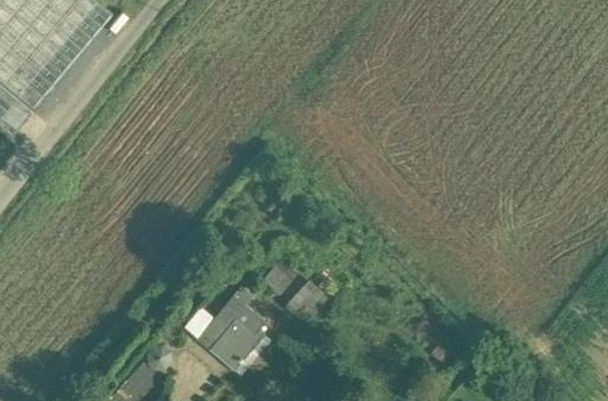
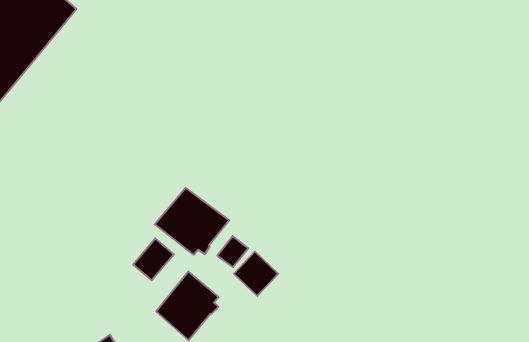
building: none -> [155,188,229,255]
building: none -> [133,238,174,280]

